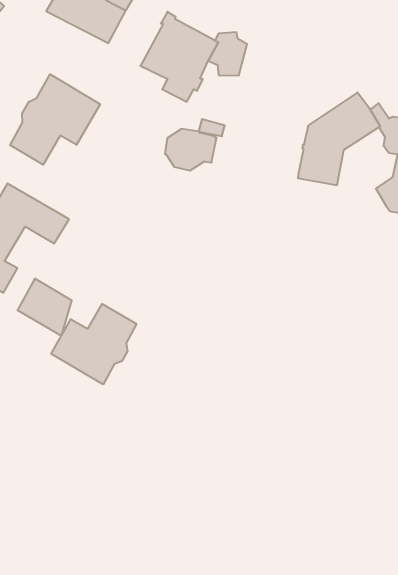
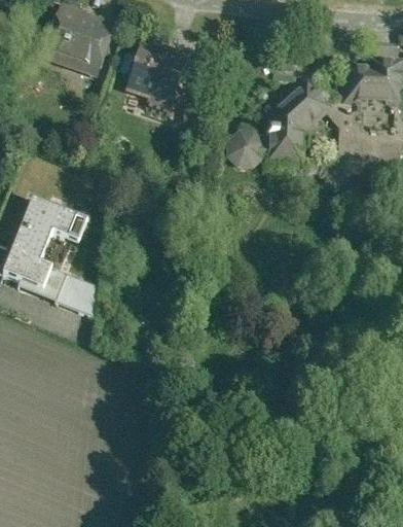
building: [10,74,100,165] -> none
building: [165,129,217,171] -> [227,131,267,164]
building: [51,304,136,384] -> none

